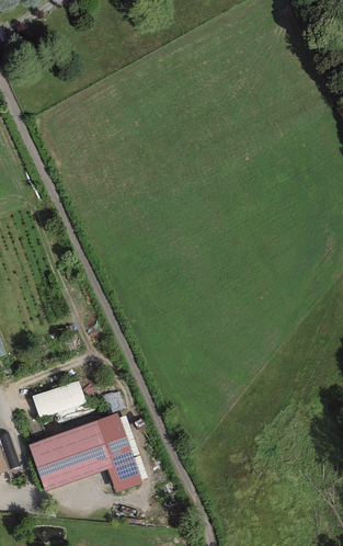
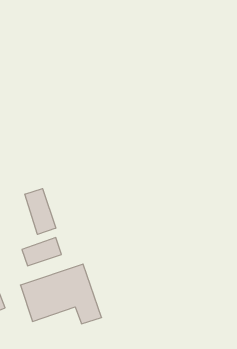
building: none -> [25,189,56,234]

